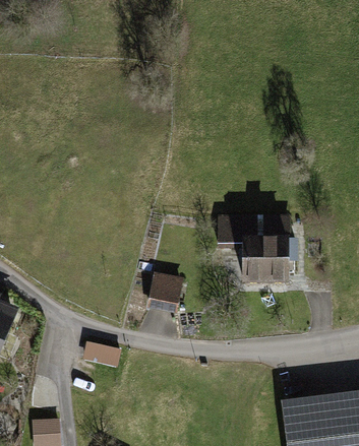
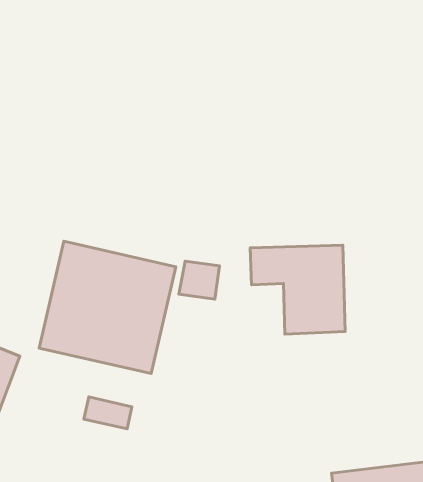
building: none -> [39,241,176,374]
building: [147,274,181,306] -> [179,261,220,299]

